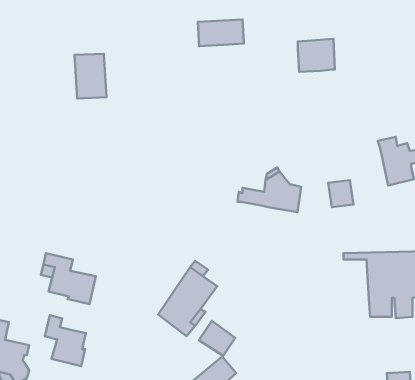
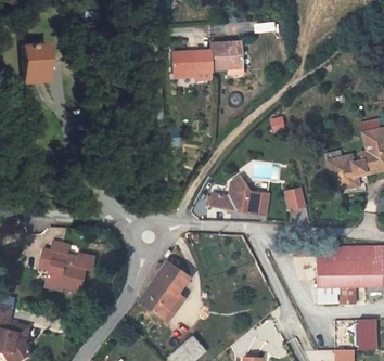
building: [298,39,335,72] -> [212,41,243,69]
building: [75,54,106,98] -> [21,43,48,81]
building: [45,315,86,366] -> none
building: [199,321,235,356] -> none

